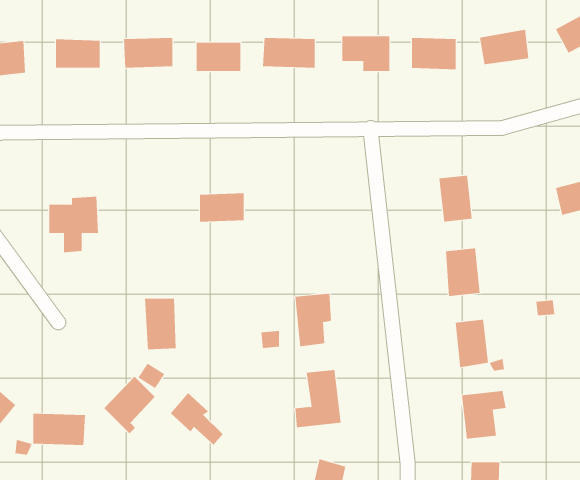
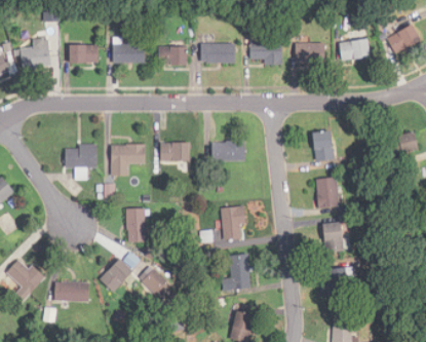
building: none -> [211,140,244,160]
building: none -> [110,145,145,176]

